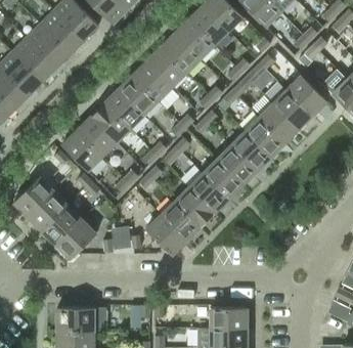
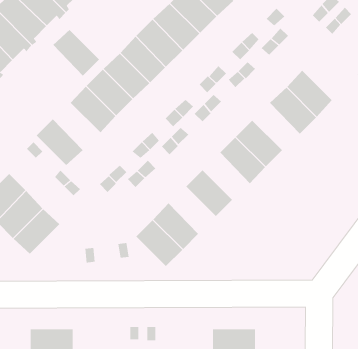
building: [285,76,326,116] -> none
building: [76,118,116,158] -> [52,29,100,77]
building: [244,118,283,158] -> none
building: [202,160,241,200] -> none
building: [173,188,213,228] -> none
building: [56,220,96,260] -> none

